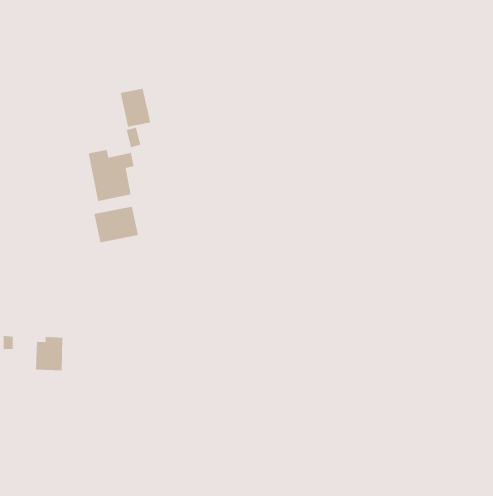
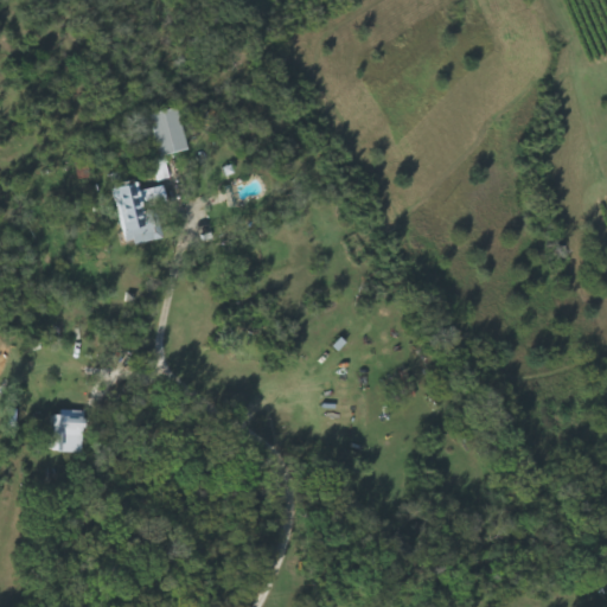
building: [94,206,139,243] -> none

